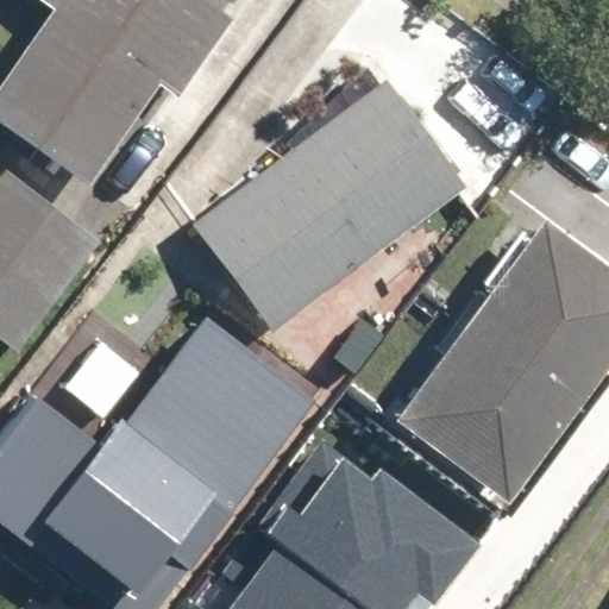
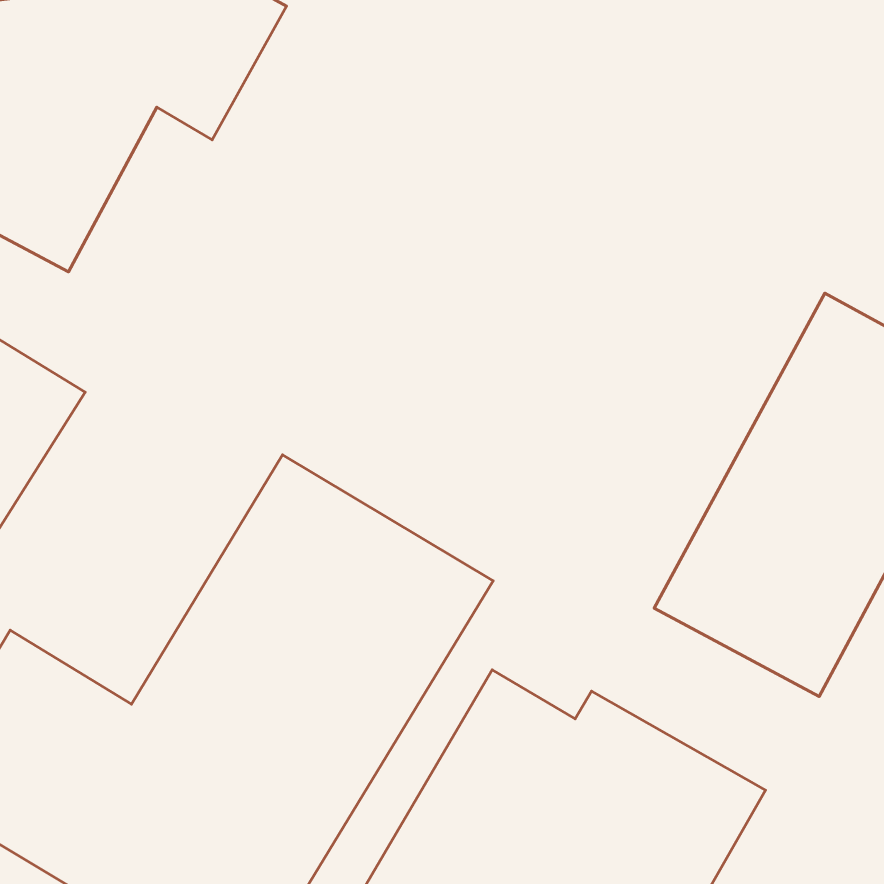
building: [208,117,438,321] -> none

